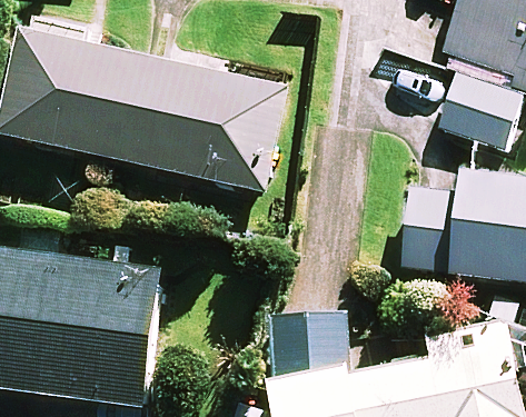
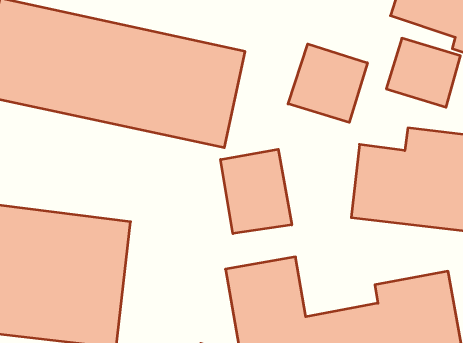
building: none -> [288,44,367,122]
building: none -> [221,149,292,234]

